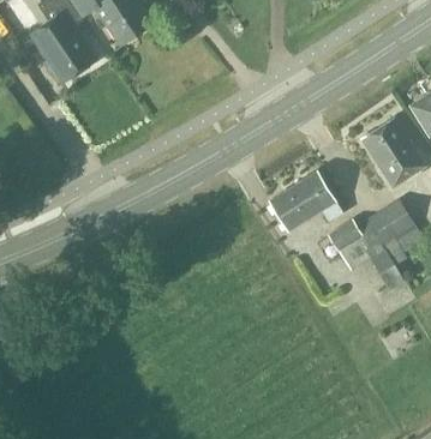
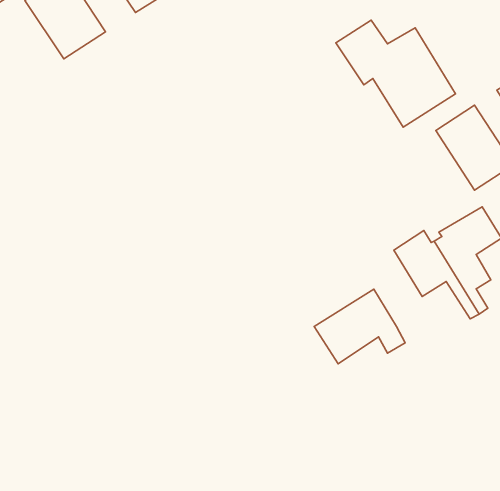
building: none -> [336,20,455,127]
building: [269,170,342,230] -> [314,289,405,364]

